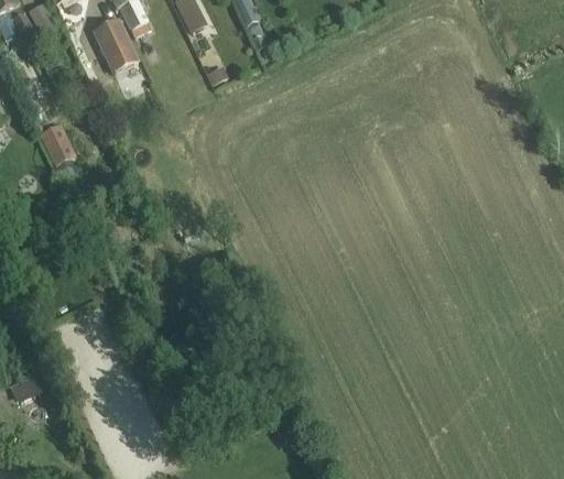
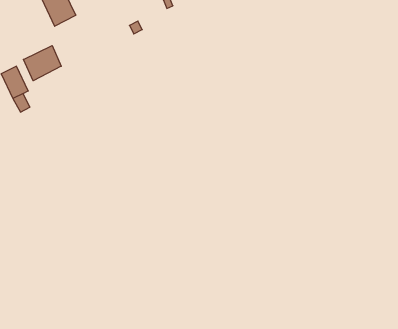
building: none -> [23,46,61,81]

